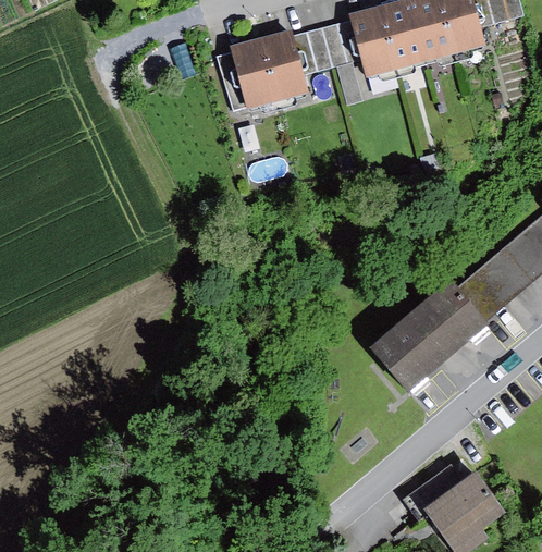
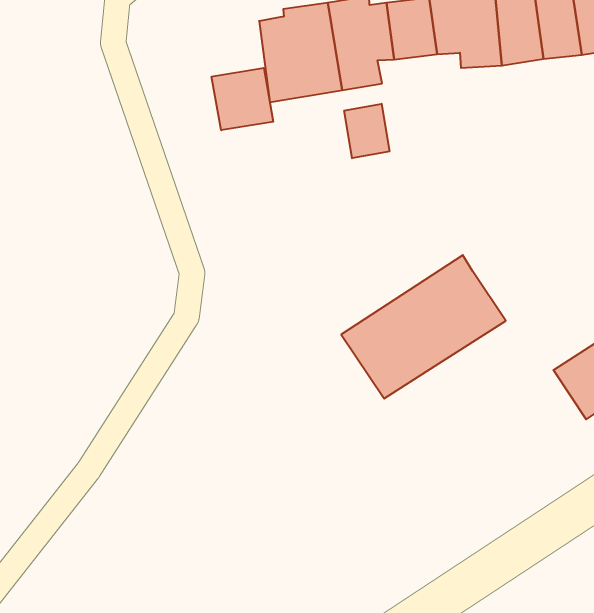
building: none -> [212,68,273,130]
building: none -> [344,104,389,158]
building: [372,273,490,384] -> [341,255,506,399]

